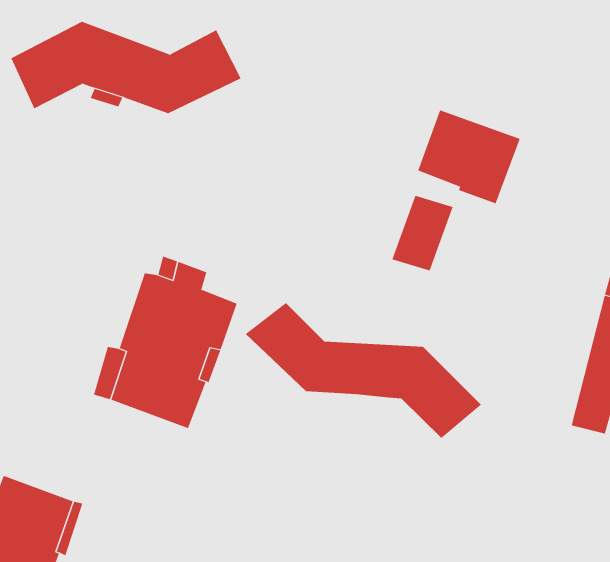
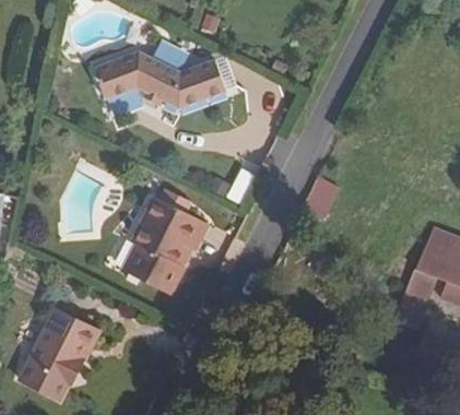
building: [417,109,521,204] -> none
building: [245,302,482,439] -> none

